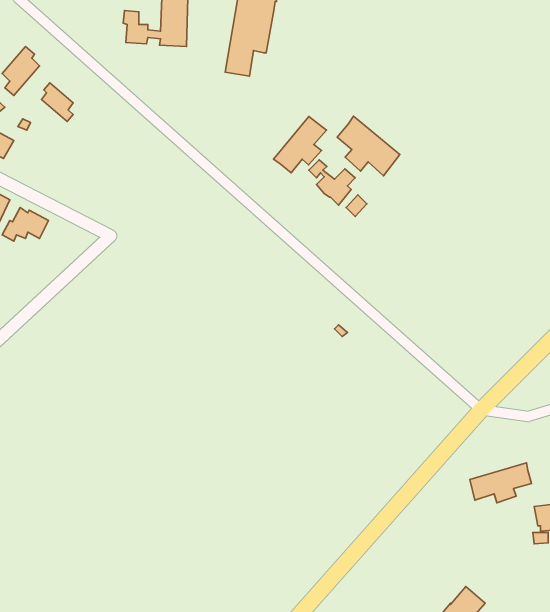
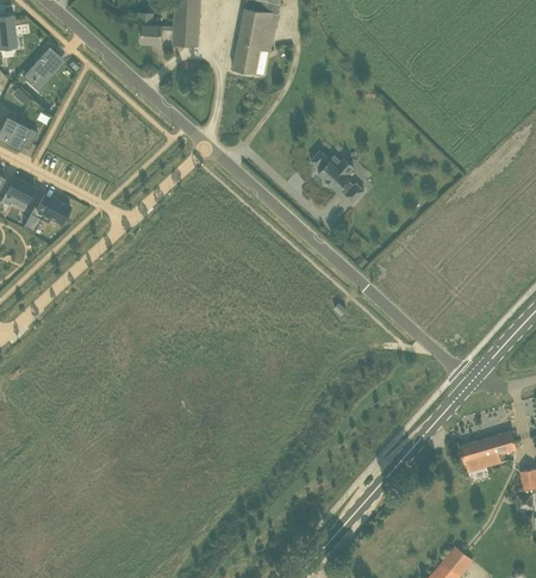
building: [41,83,73,122] -> none
building: [337,116,400,176] -> none
building: [273,116,327,173] -> none

